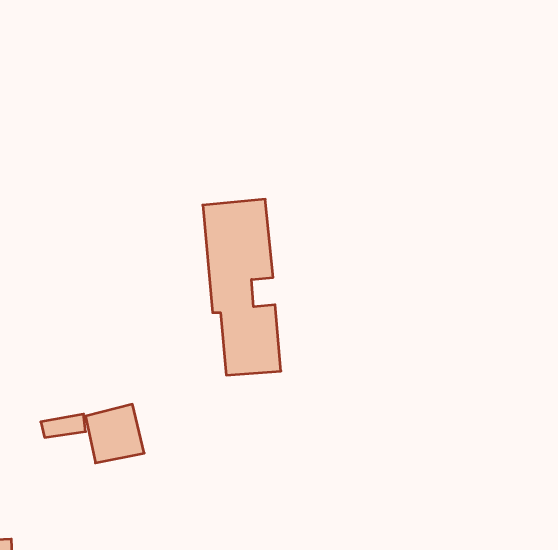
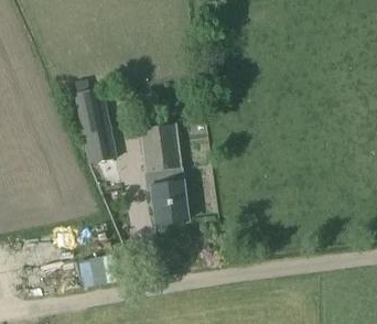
building: none -> [77,87,116,161]

